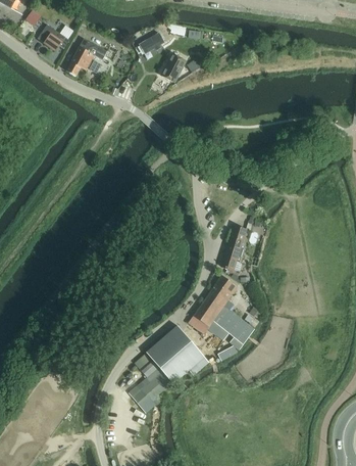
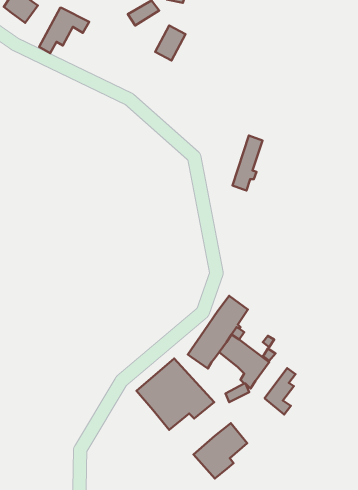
building: [221,226,246,271] -> [233,135,263,191]
building: none -> [265,368,295,414]
building: [129,368,172,413] -> [193,423,247,478]

